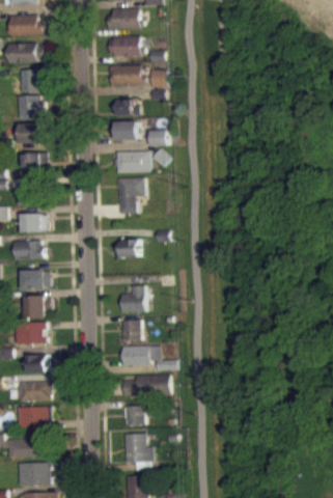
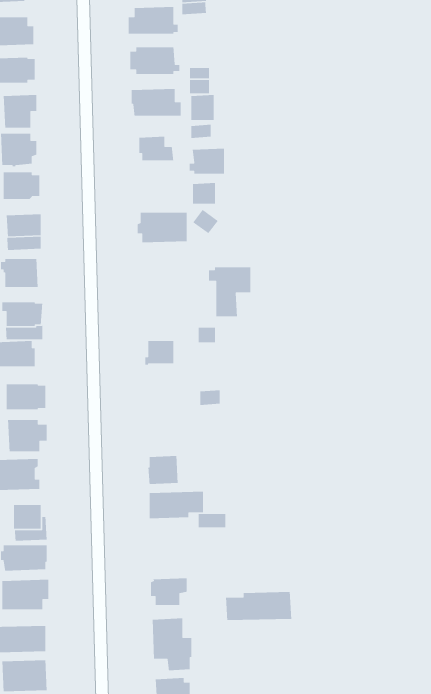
building: [112,120,137,139] -> [189,148,225,175]
building: [112,177,142,213] -> [208,266,251,317]
building: [120,285,143,311] -> none
building: [121,375,168,395] -> [225,591,292,621]

